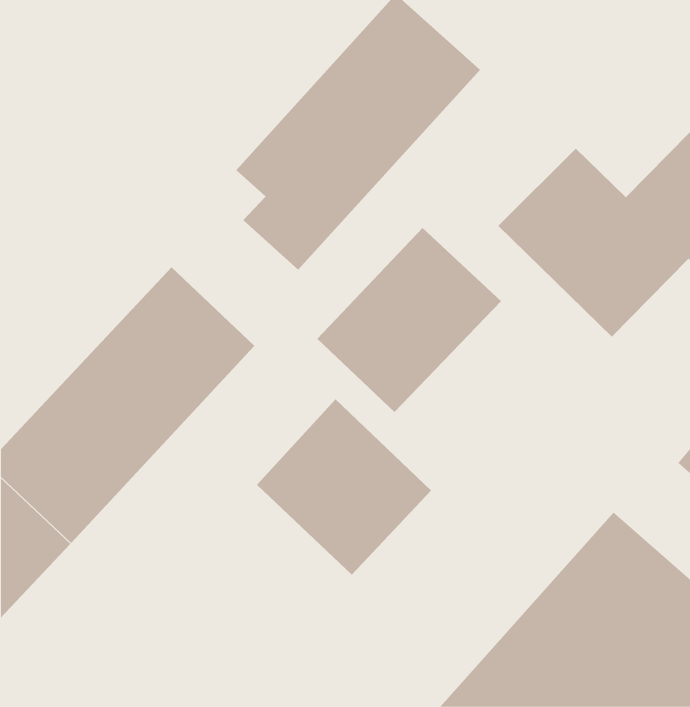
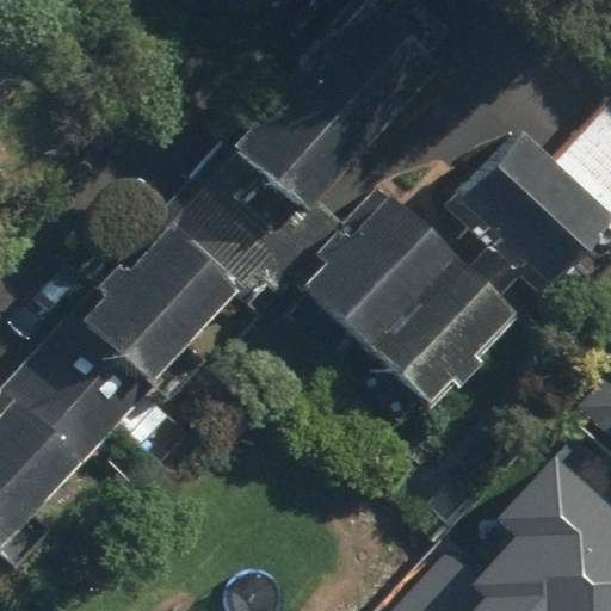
building: none -> [357,258,529,430]
building: [256,399,432,576] -> none

